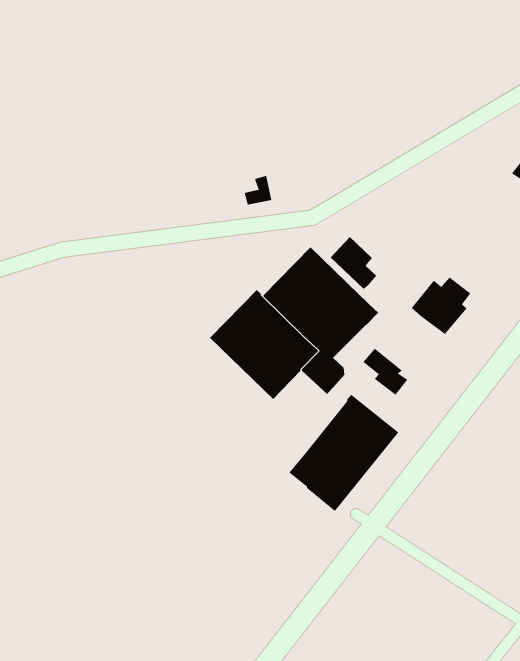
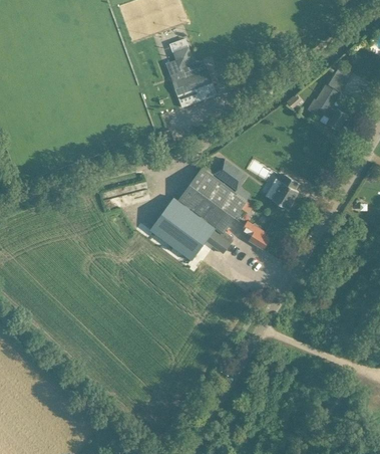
building: none -> [169,46,217,107]
building: [288,394,399,512] -> none

